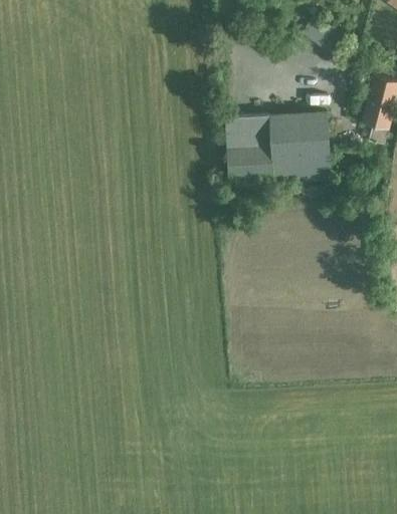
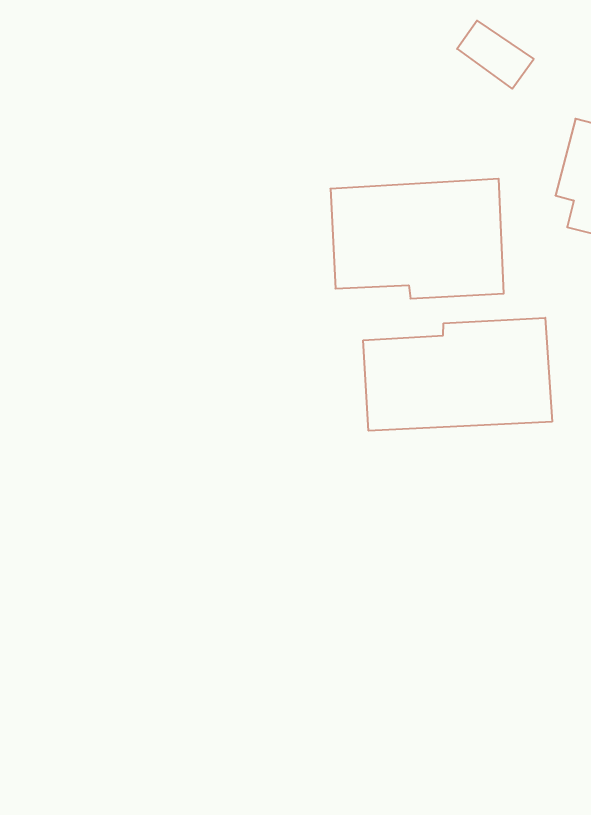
building: none -> [363,318,552,431]

